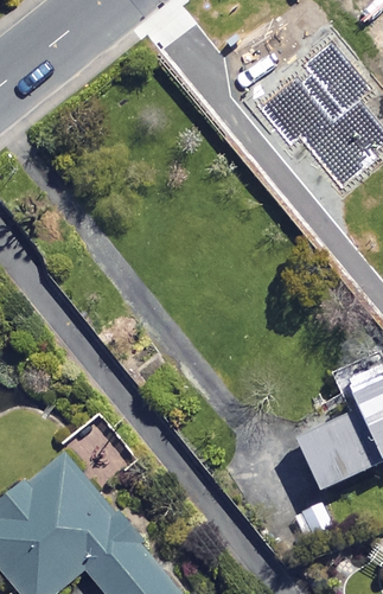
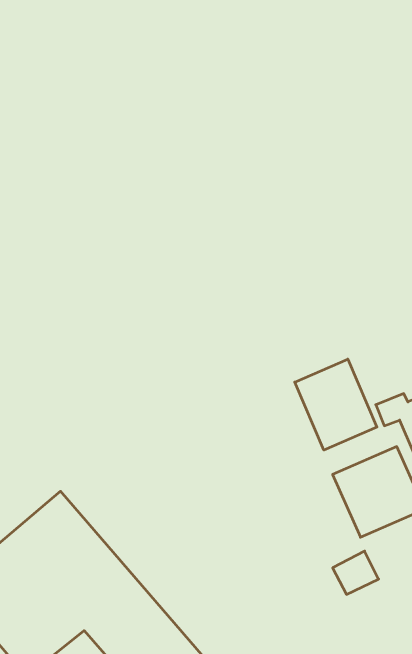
building: none -> [295,359,377,450]

